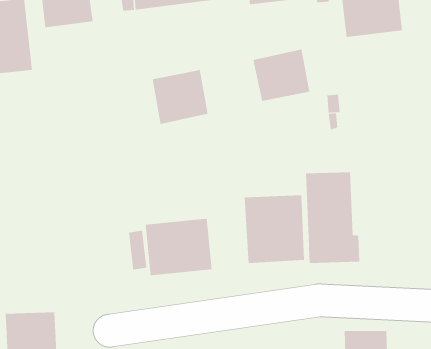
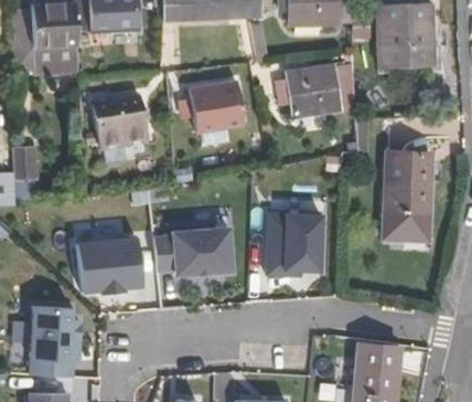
building: none -> [92,95,147,146]
building: [305,172,360,264] -> [385,150,436,240]
building: none -> [75,232,142,294]

